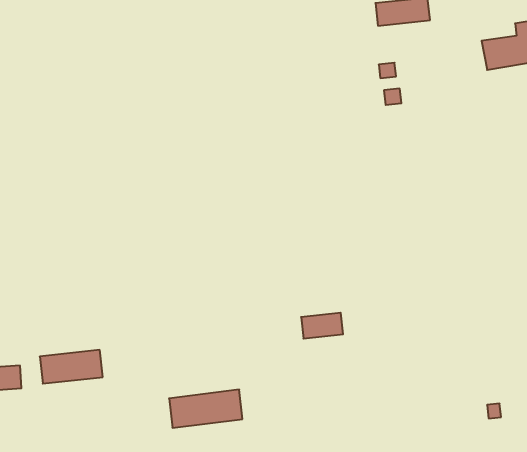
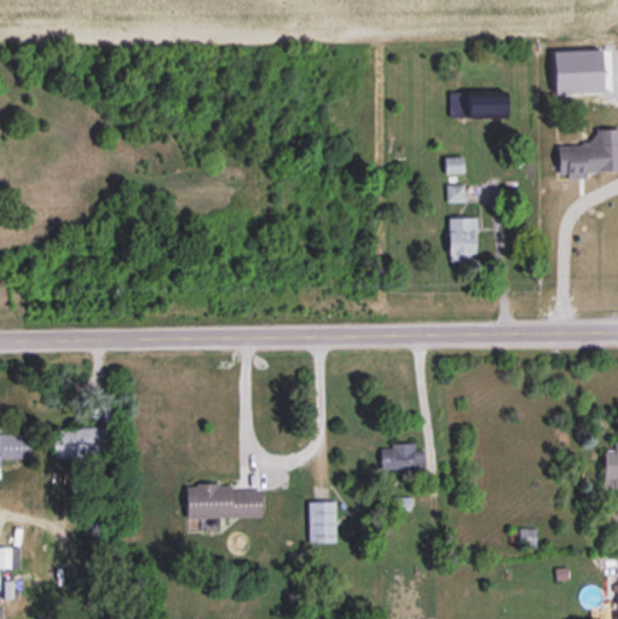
building: none -> [449,218,478,261]
building: [301,313,343,339] -> [382,445,424,468]
building: none -> [310,502,337,543]

